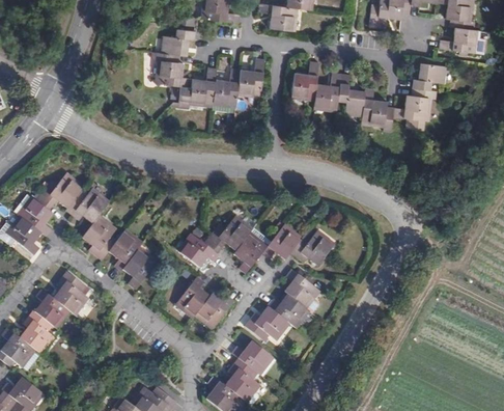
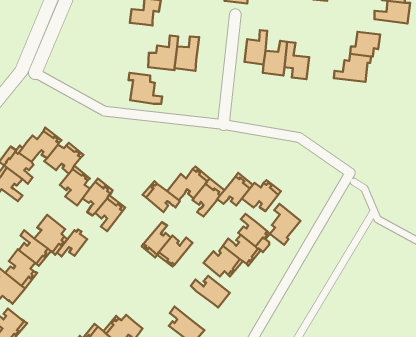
building: [153,51,192,86] -> [128,73,162,104]
building: [236,57,264,97] -> none
building: [361,88,394,132] -> none
building: none -> [270,204,300,245]
building: none -> [57,229,87,256]
building: [222,358,257,405] -> none

